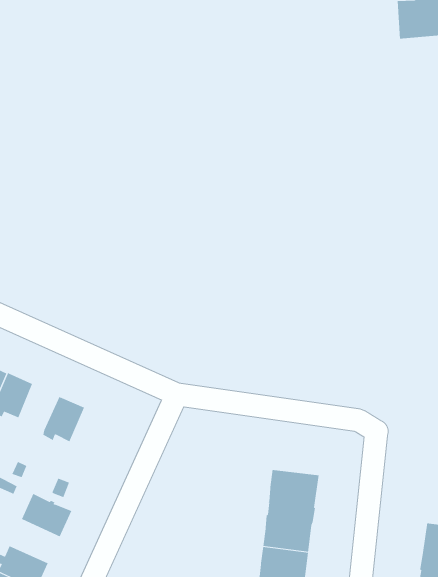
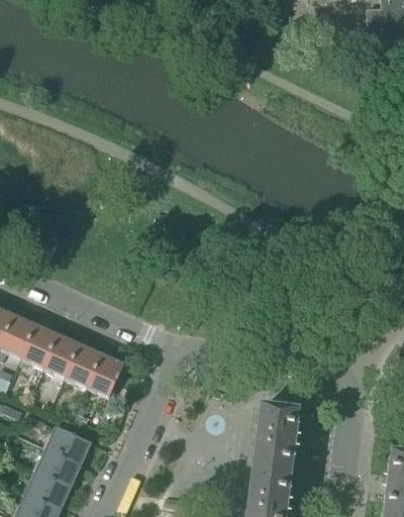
building: none -> [42,333,79,373]
building: none -> [86,352,124,393]
building: none -> [35,448,80,486]

